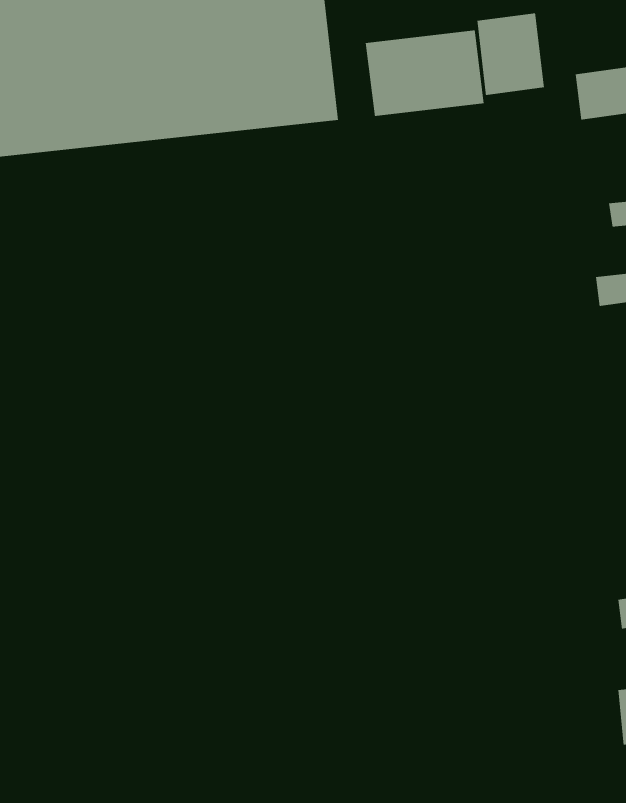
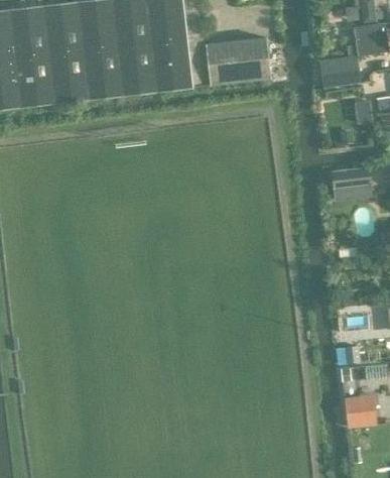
building: [477,12,544,96] -> none

